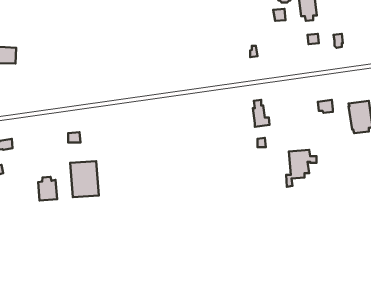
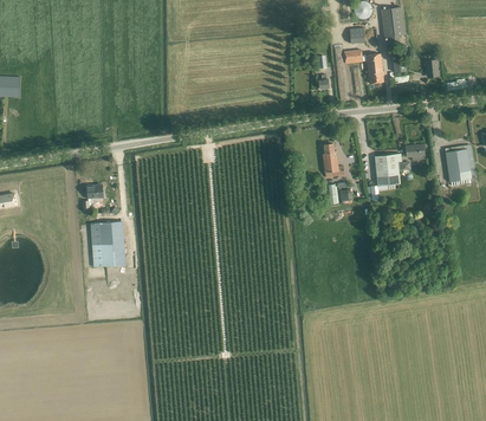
building: none -> [344,48,383,82]
building: [286,150,317,187] -> [371,153,410,200]
building: [38,177,57,201] -> none

